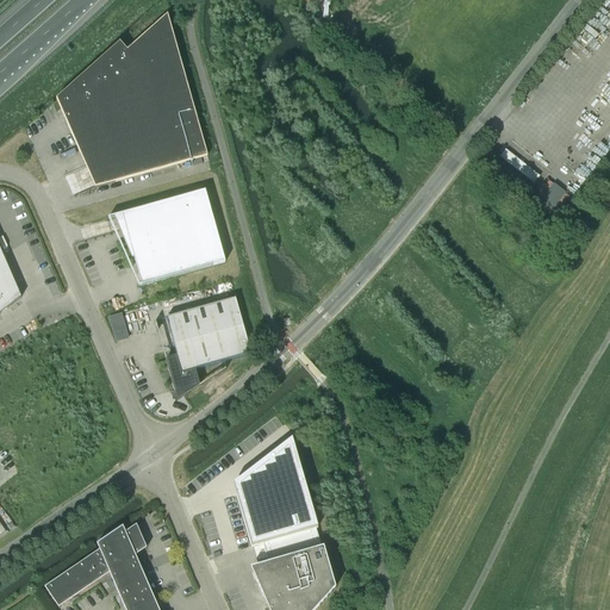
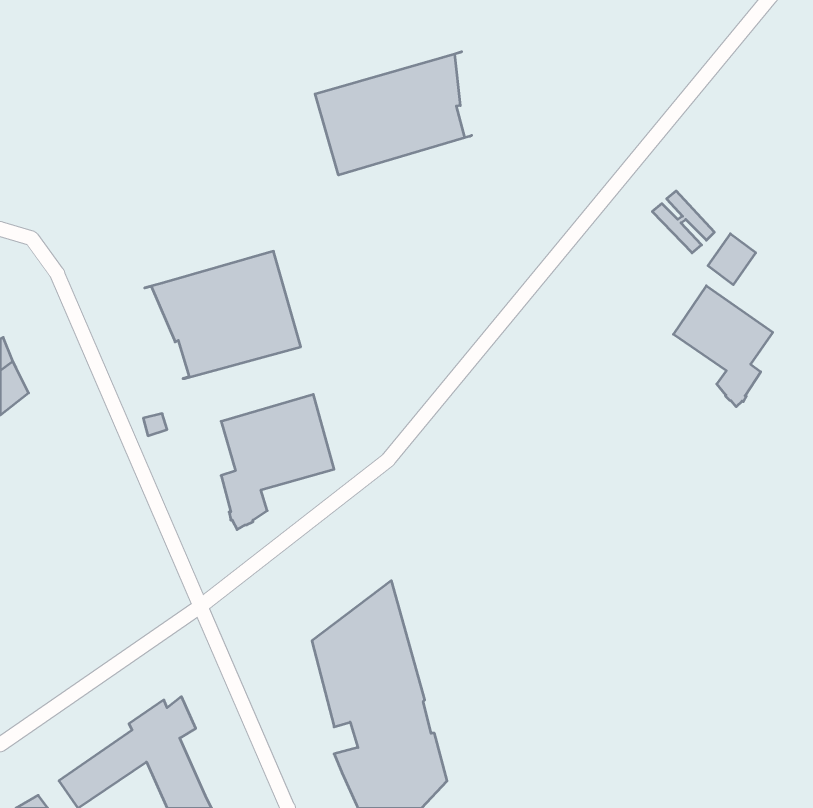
building: [61,12,207,179] -> none
building: none -> [315,52,472,175]
building: none -> [673,286,773,407]

